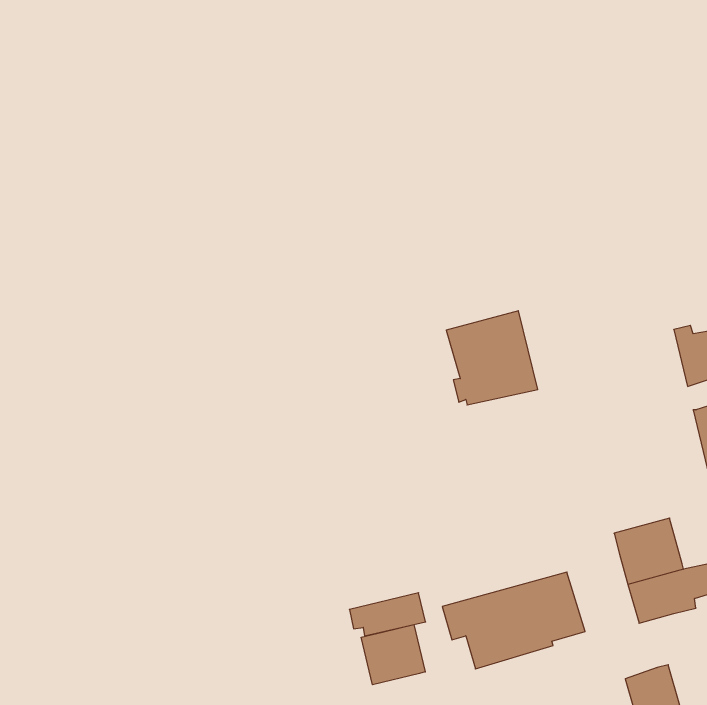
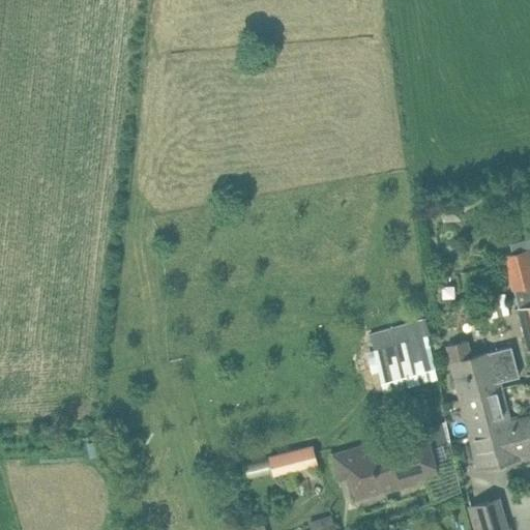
building: [446,311,538,405] -> [370,321,438,391]
building: none -> [445,342,520,401]
building: [361,625,425,685] -> none

